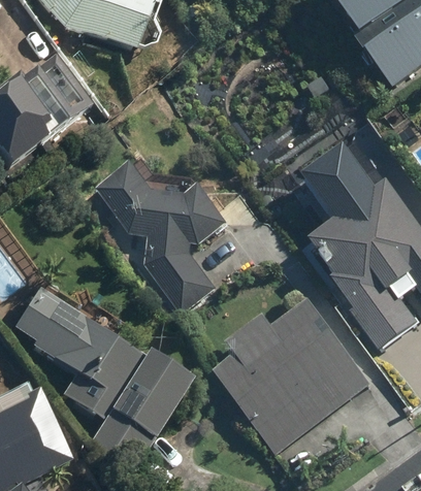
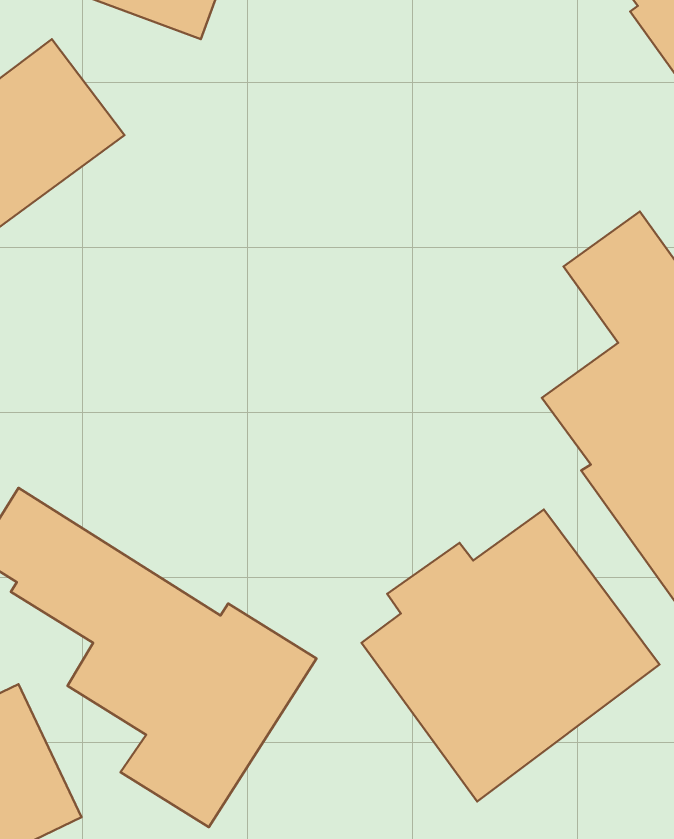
building: [98,163,228,310] -> none

